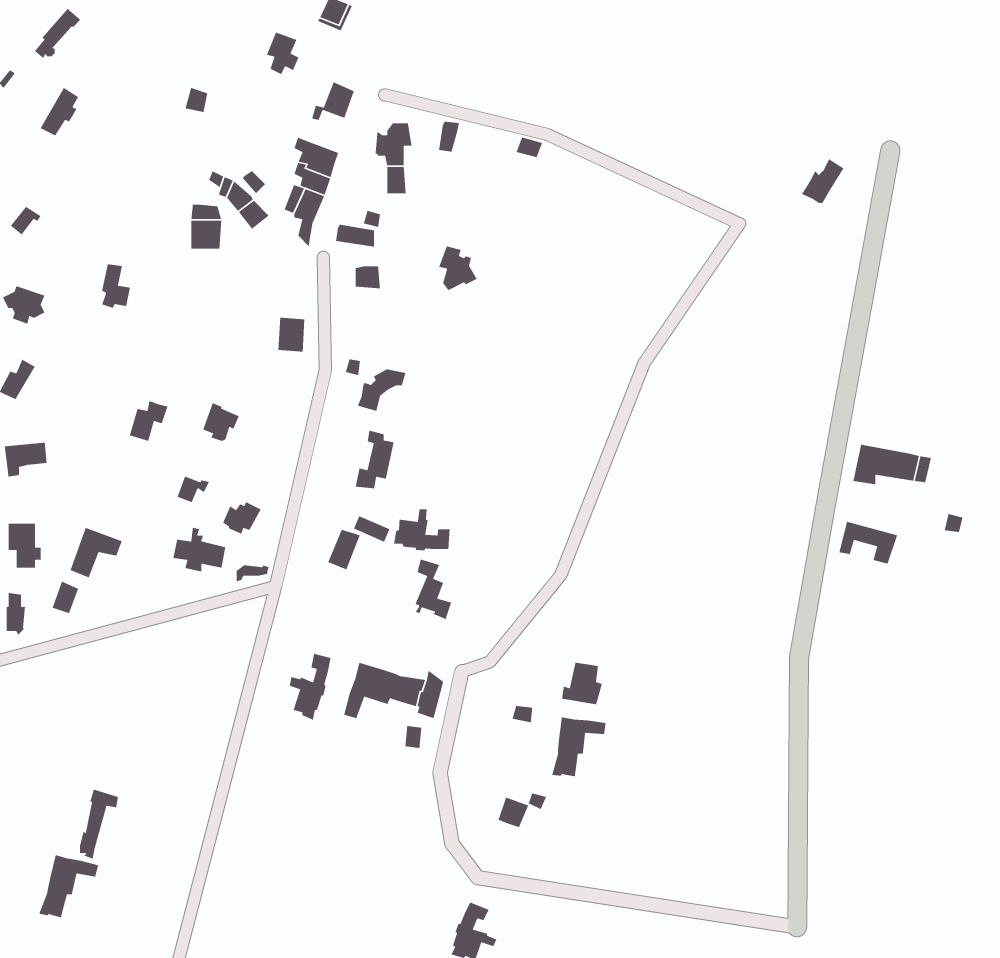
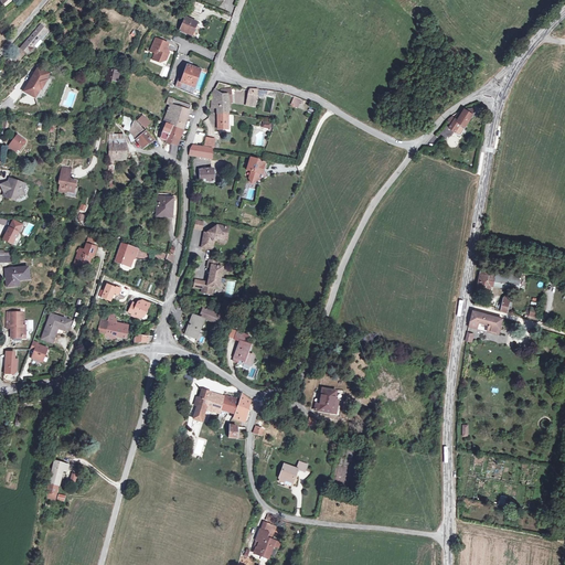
building: [393,509,451,551] -> none
building: [289,653,331,721] -> none
building: [551,716,607,777] -> none
building: [38,854,99,919] -> none

